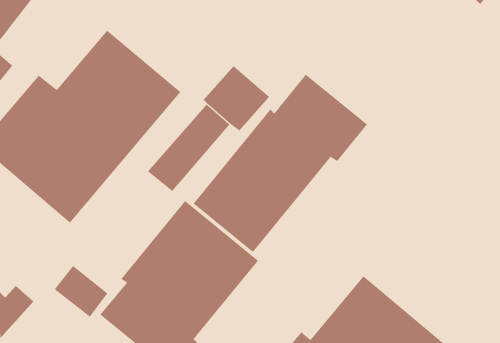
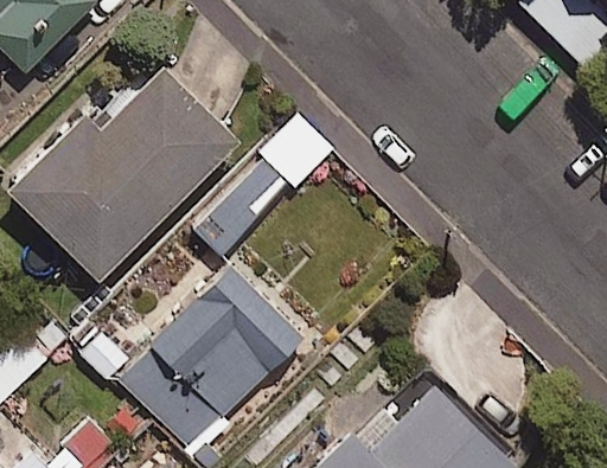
building: [193,74,368,253] -> none

